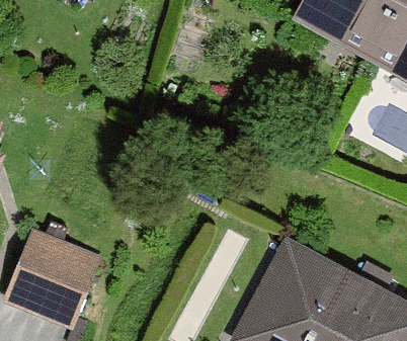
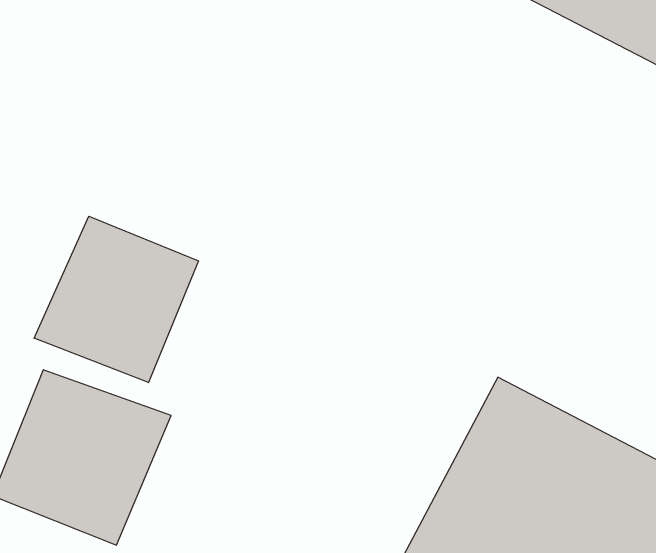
building: none -> [34,216,199,383]

